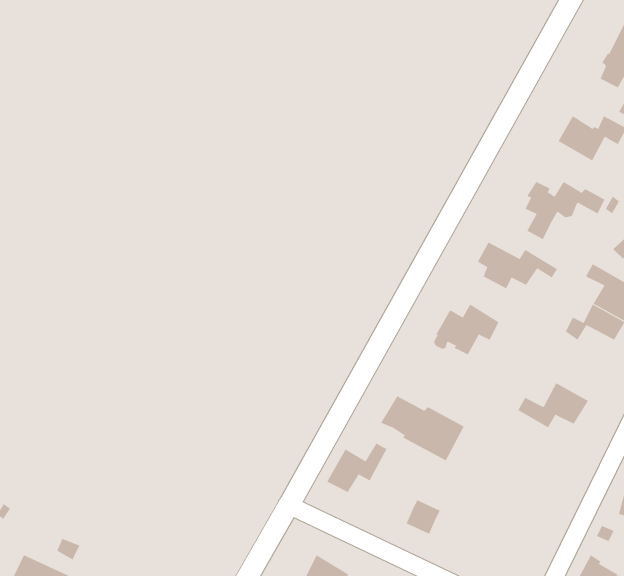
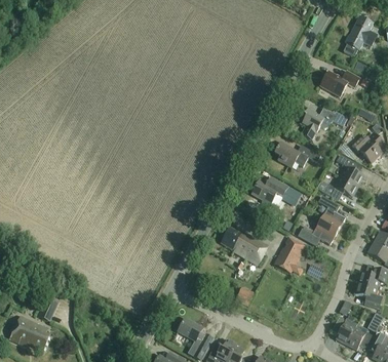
building: none -> [318,195,345,230]
building: none -> [273,235,306,274]
building: [327,443,387,493] -> none

